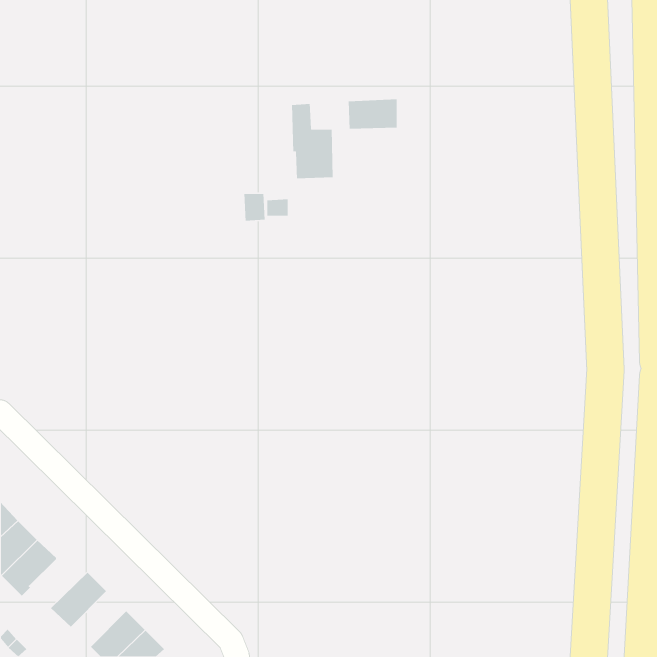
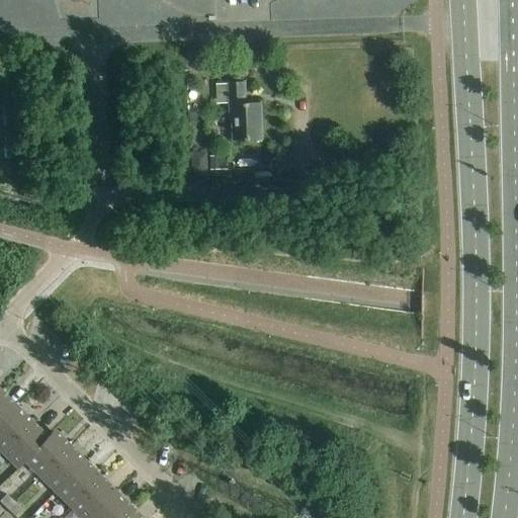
building: [348,99,398,129] -> none
building: none -> [24,432,70,478]
building: none -> [57,464,100,508]

